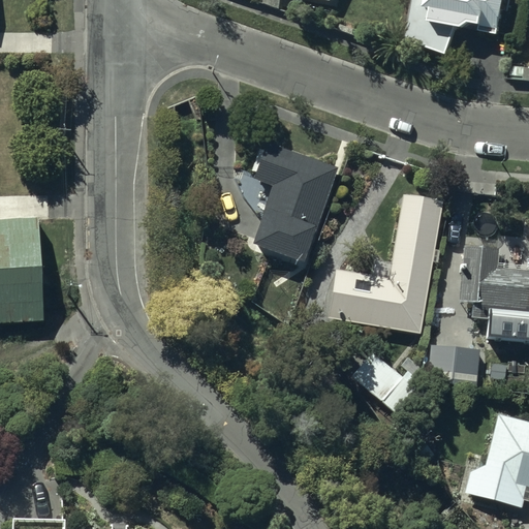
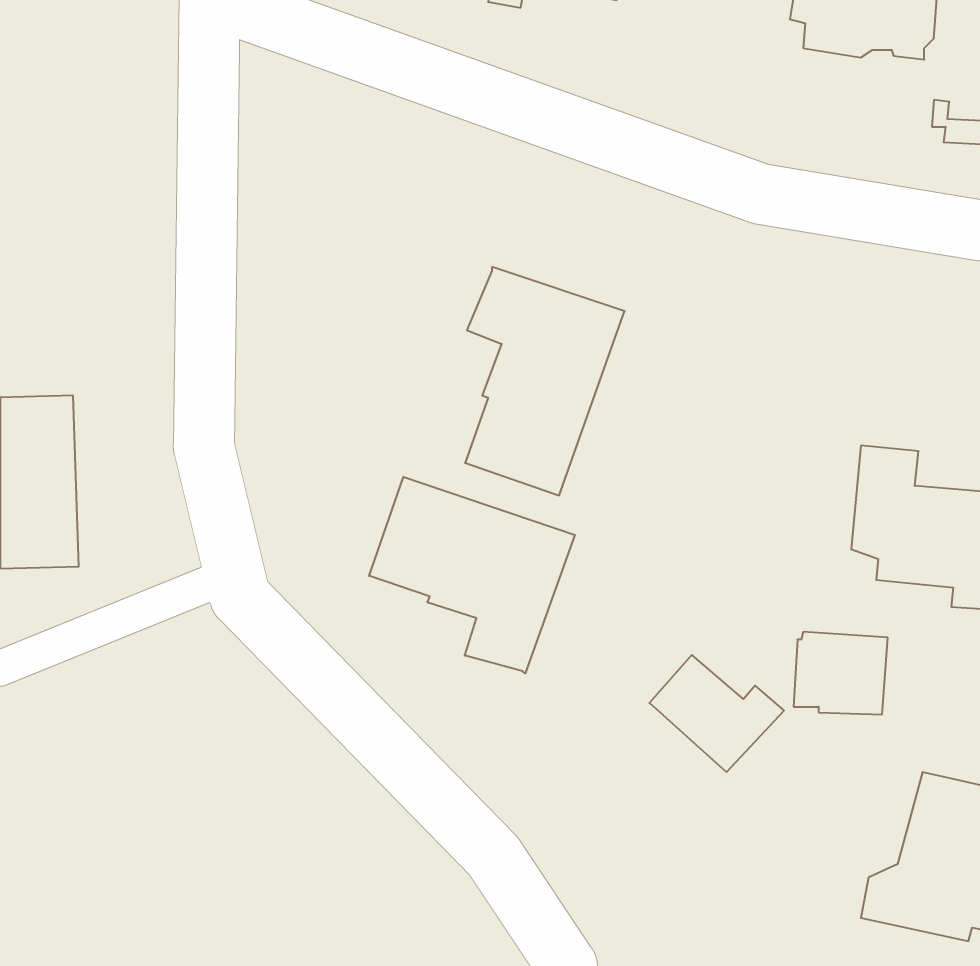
building: [328,197,441,333] -> none
building: none -> [369,477,575,673]

